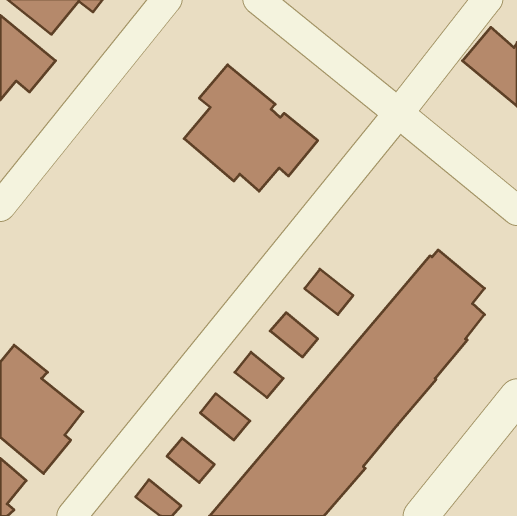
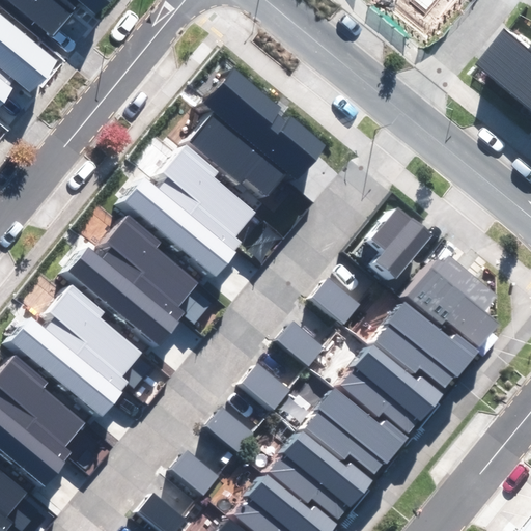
building: none -> [123,145,255,275]
building: none -> [371,206,432,278]
building: none -> [69,215,200,344]
building: none -> [12,283,143,414]

